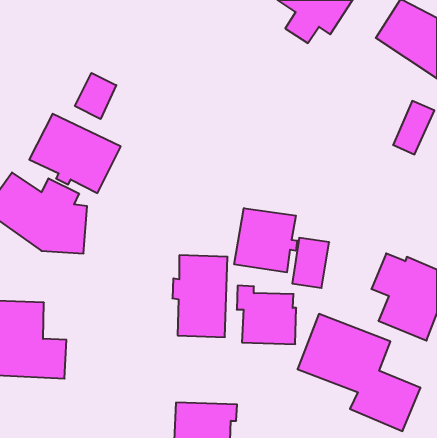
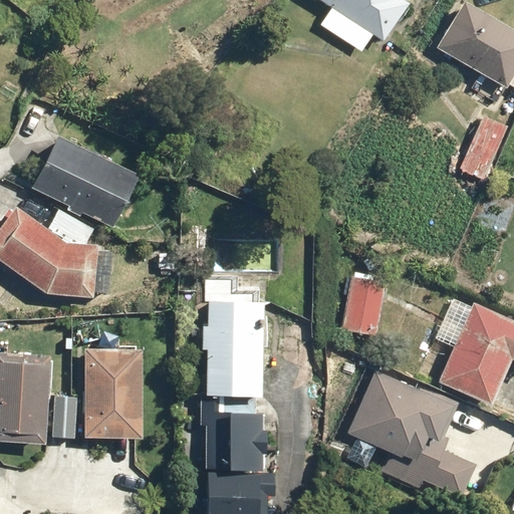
building: [75,73,116,119] -> none
building: [234,208,297,272] -> none
building: [237,286,296,344] -> [199,401,268,469]
building: none -> [83,348,143,437]

